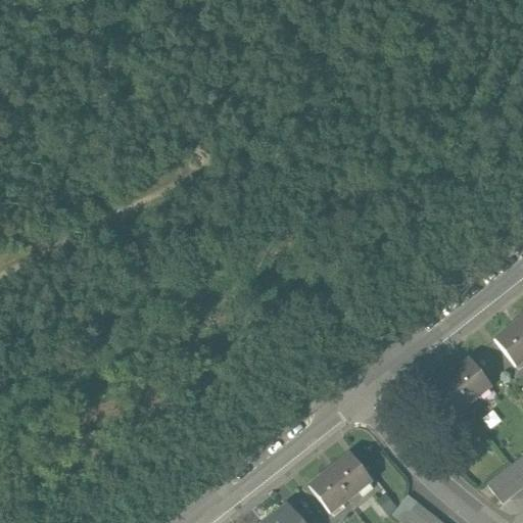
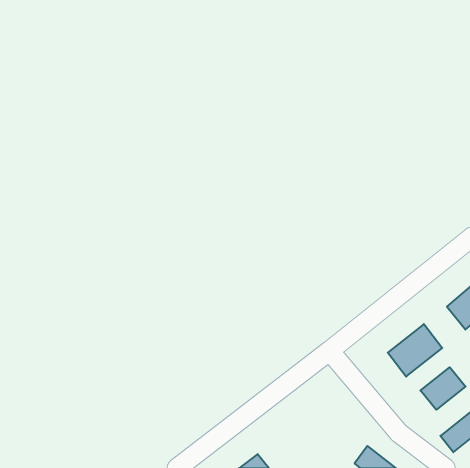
building: none -> [420,367,466,410]
building: [311,454,372,511] -> none

